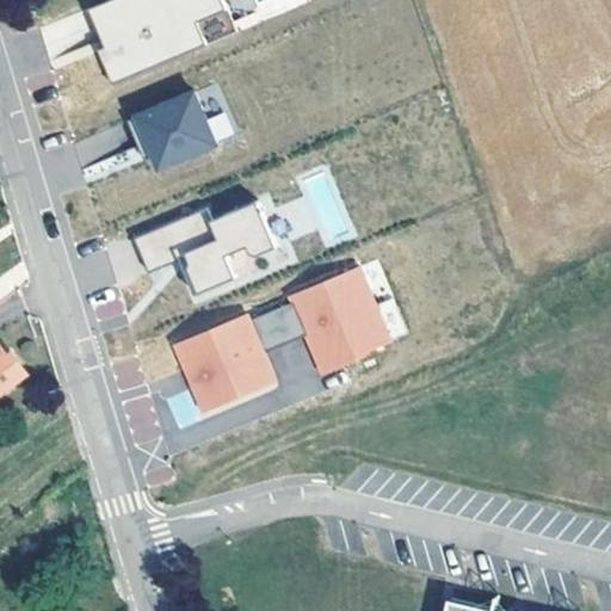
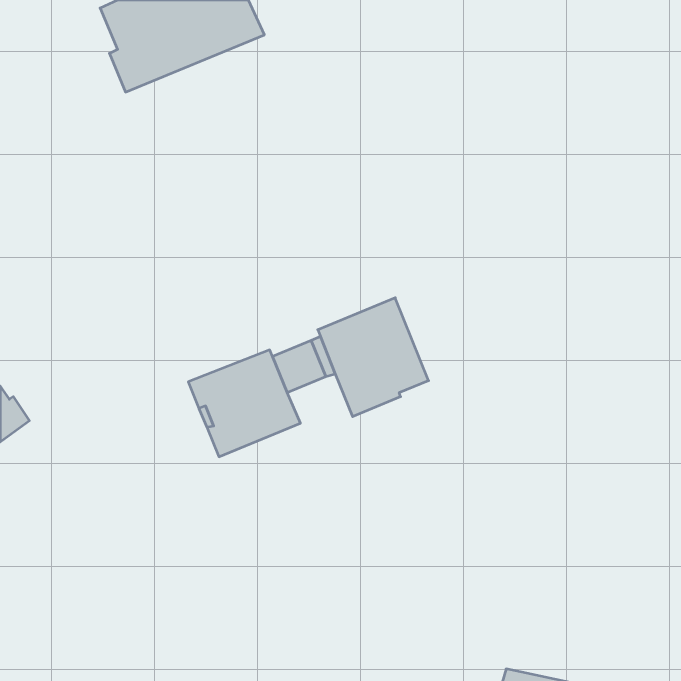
building: [129,84,240,167] -> none
building: [131,200,279,292] -> none

